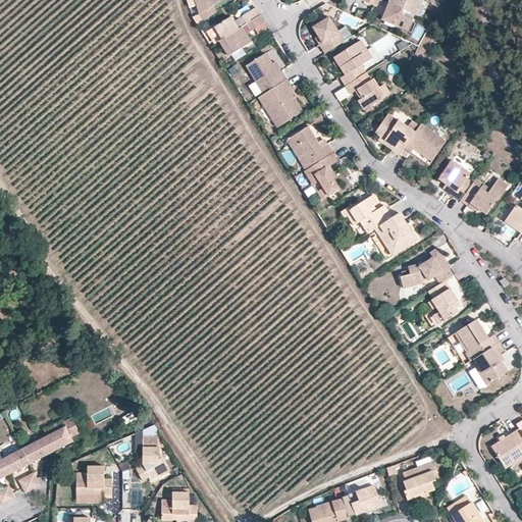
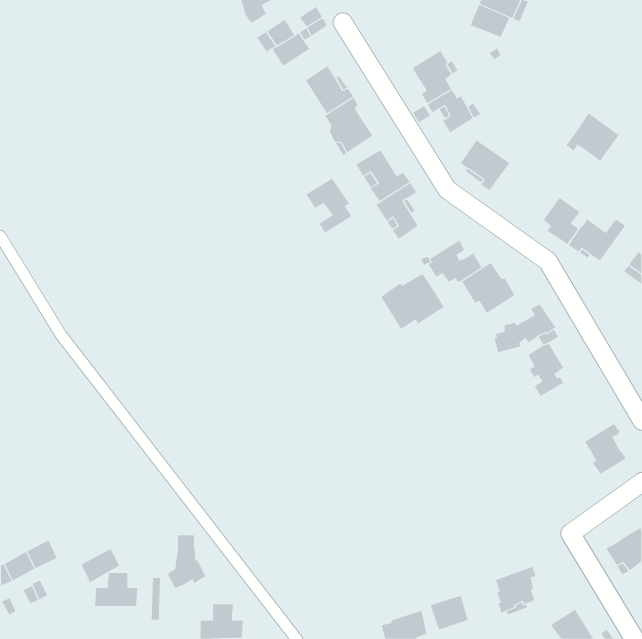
building: [312,15,344,53] -> none
building: [403,121,447,161] -> [565,113,619,162]
building: none -> [306,178,352,234]
building: none -> [380,273,444,330]
building: [456,319,499,361] -> none
building: [40,425,71,454] -> [81,548,120,583]

